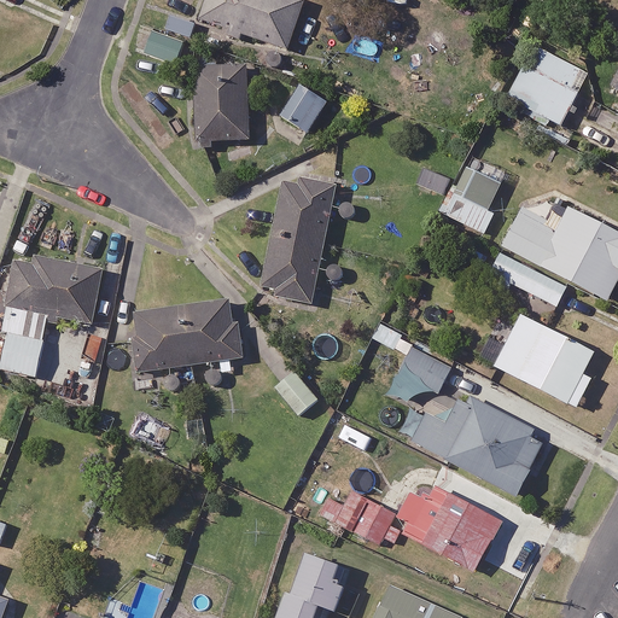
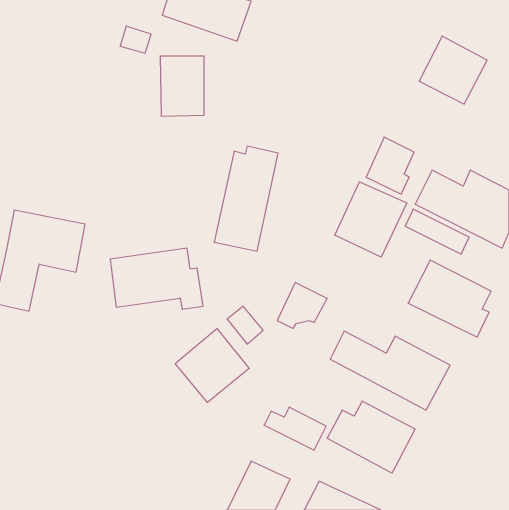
building: [278,83,326,132] -> none
building: none -> [335,182,407,257]
building: [391,346,451,402] -> [277,282,327,328]
building: none -> [175,329,249,402]

